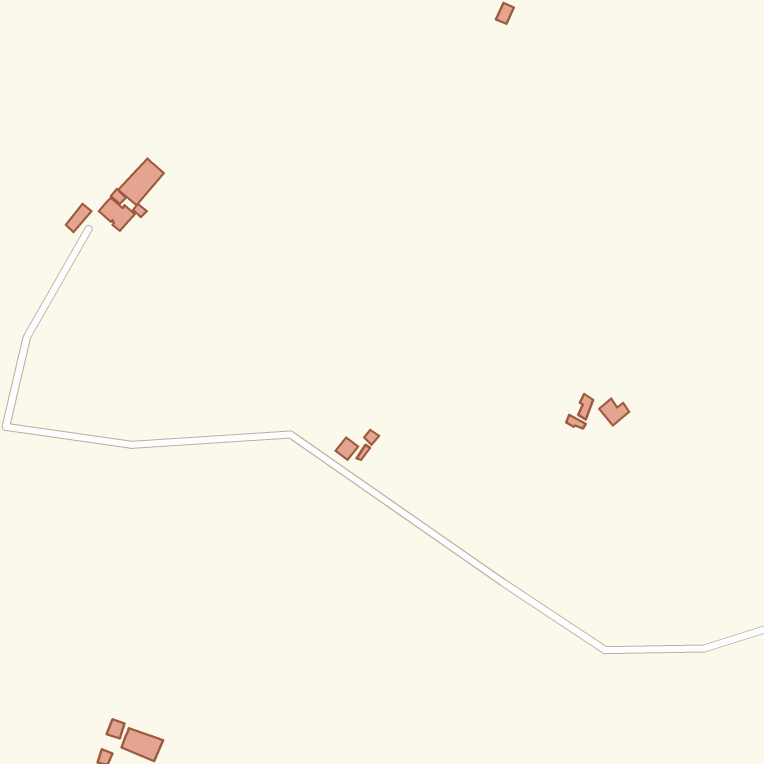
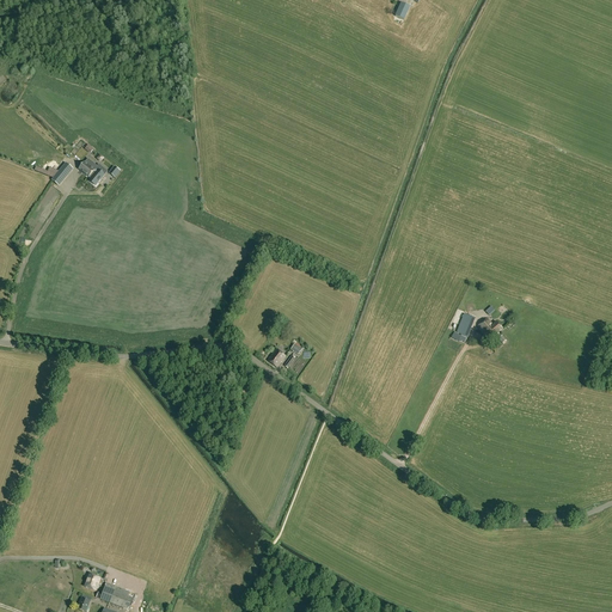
building: [118,159,164,205] -> none

